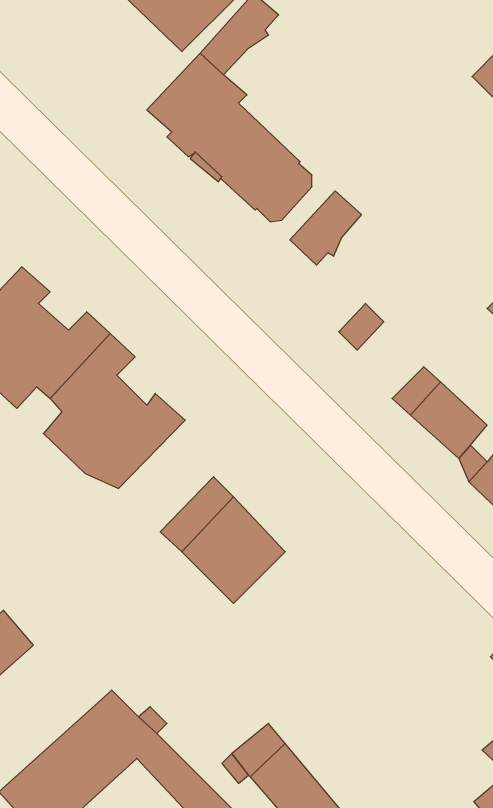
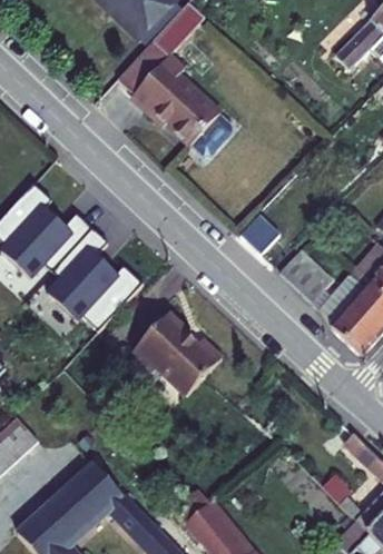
building: [290,191,361,265] -> none
building: none -> [161,311,225,373]

